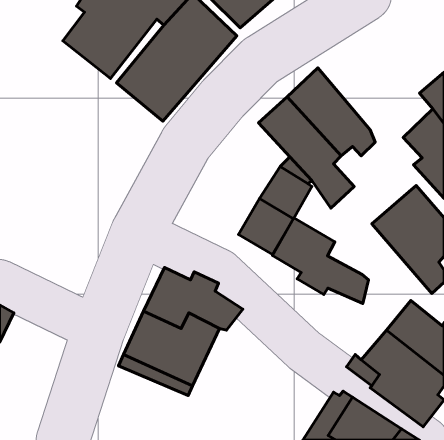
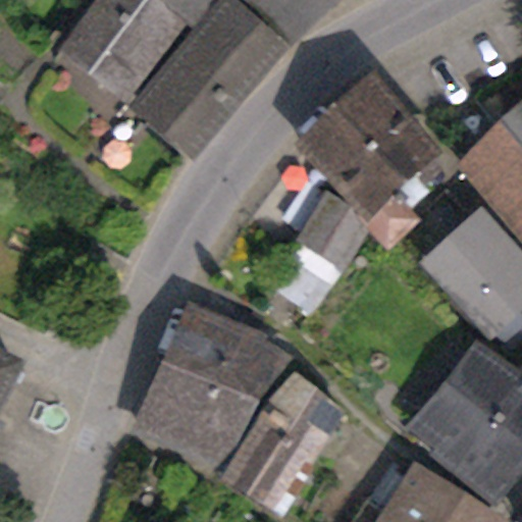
building: [273,218,369,303] -> none
building: none -> [229,378,340,505]

